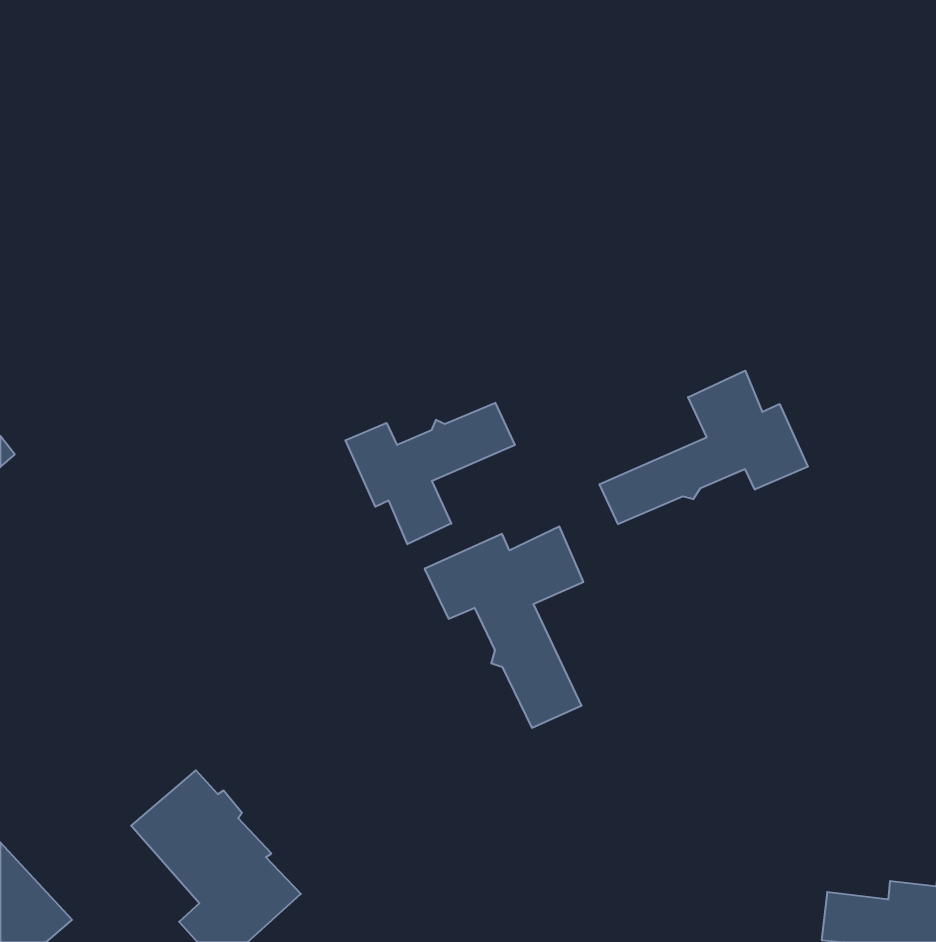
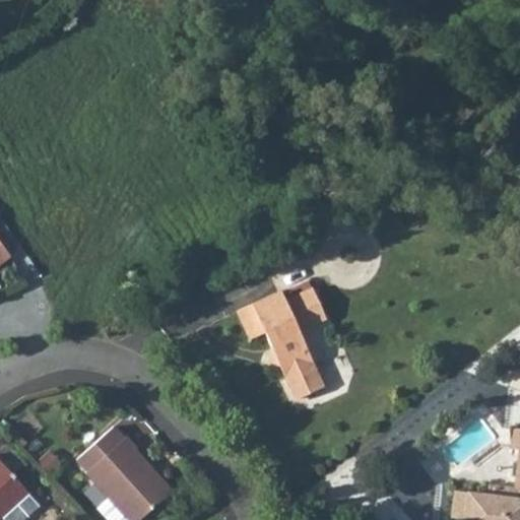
building: [600,371,808,524] -> none
building: [345,403,515,544] -> none

